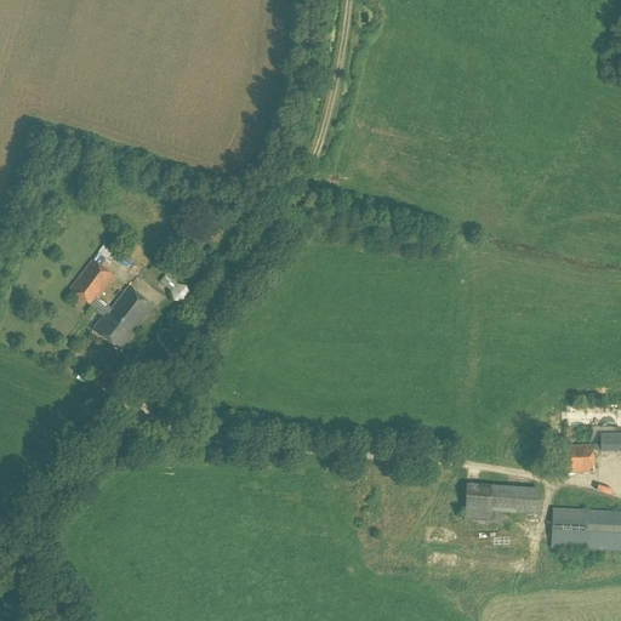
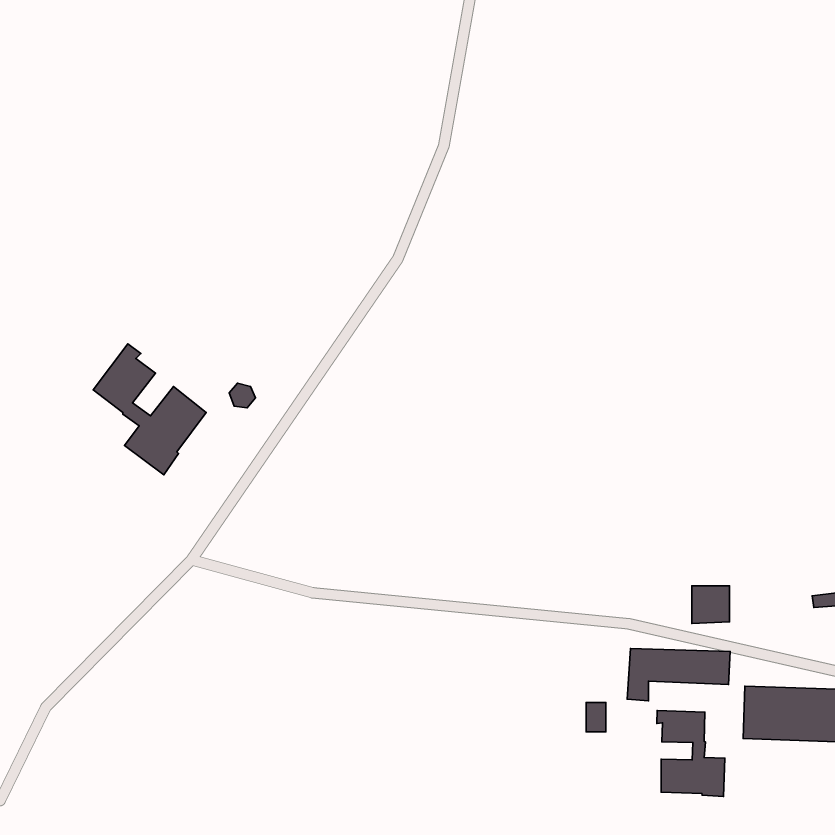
building: [566,445,594,473] -> [692,586,729,623]
building: none -> [657,711,725,797]

